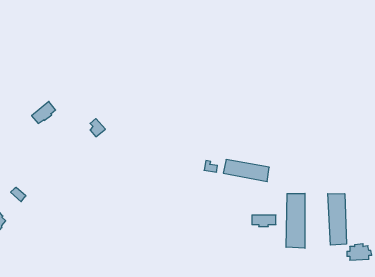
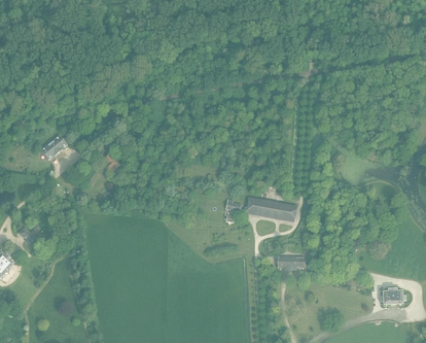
building: [286,193,305,248] -> none
building: [328,194,346,245] -> none

